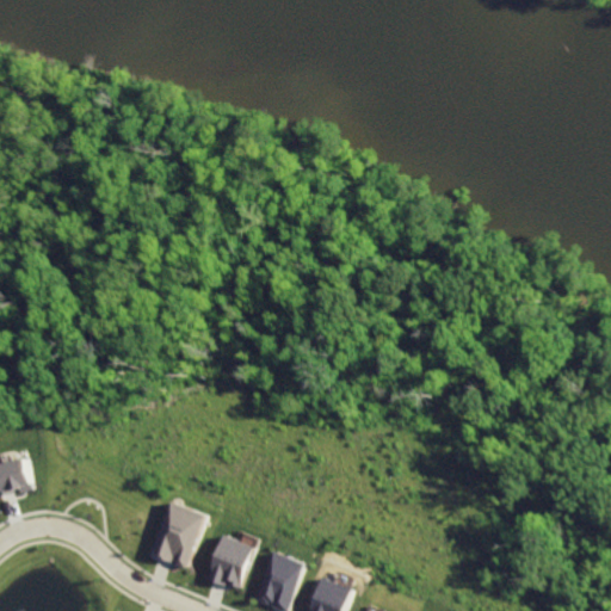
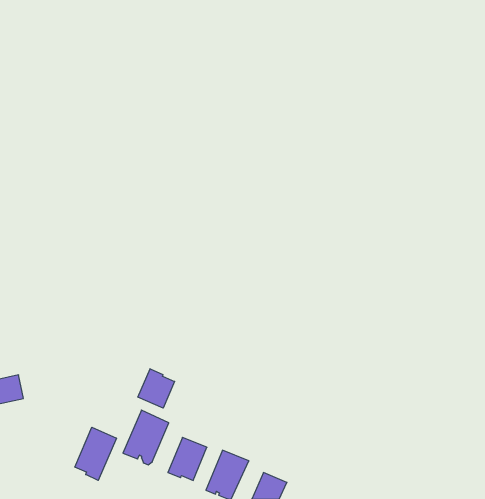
building: none -> [138,369,175,408]
building: none -> [75,427,116,480]

